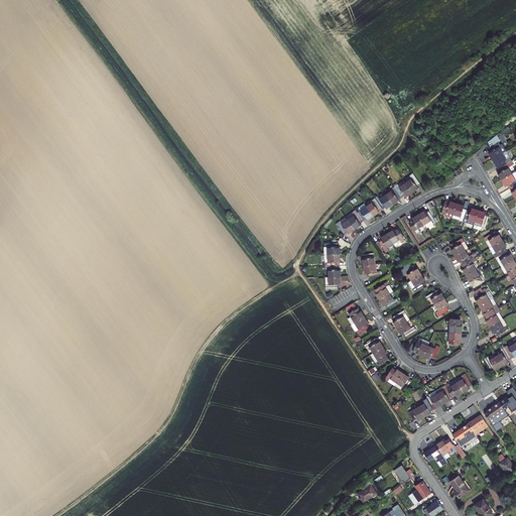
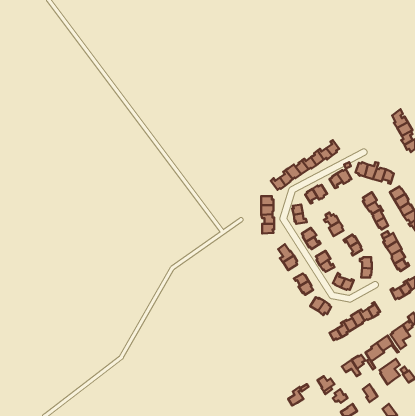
building: none -> [380,359,400,384]

